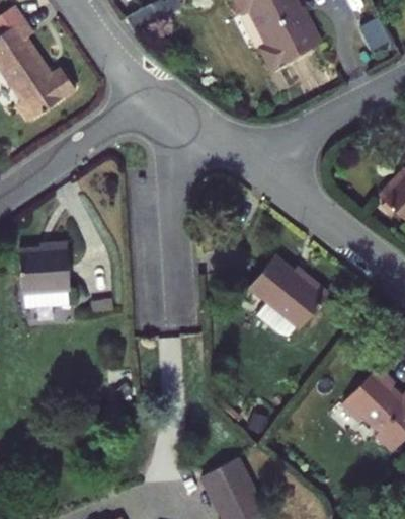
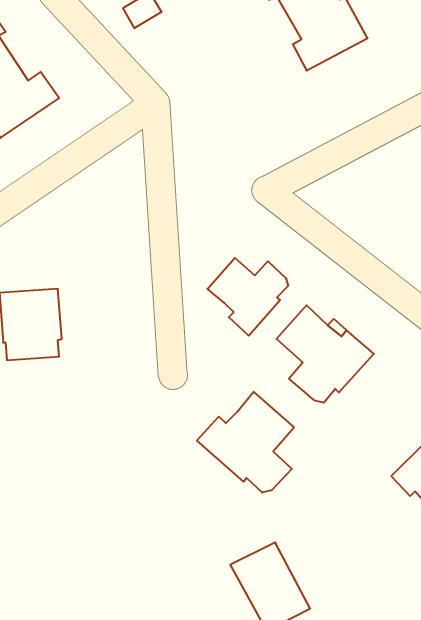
building: none -> [207,258,288,336]
building: none -> [197,392,294,493]

